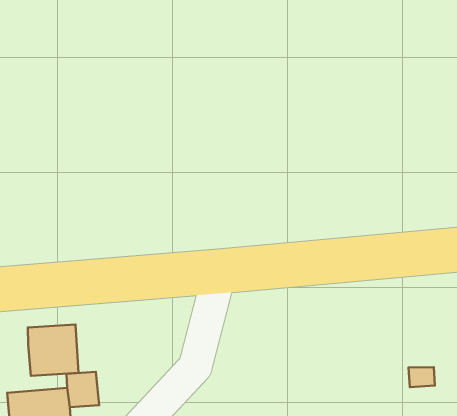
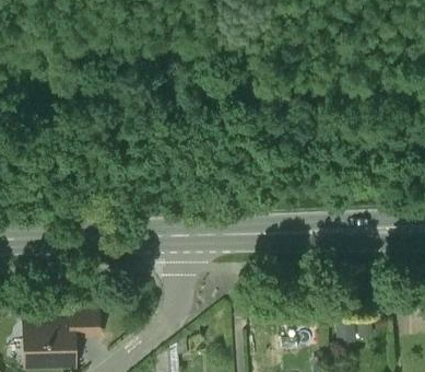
building: [28,324,79,376] -> none

